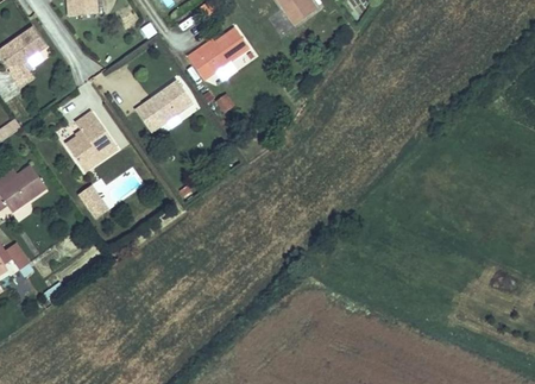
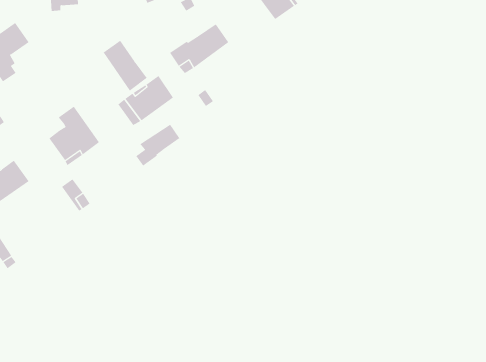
building: none -> [103,40,147,92]
building: none -> [136,124,180,167]

